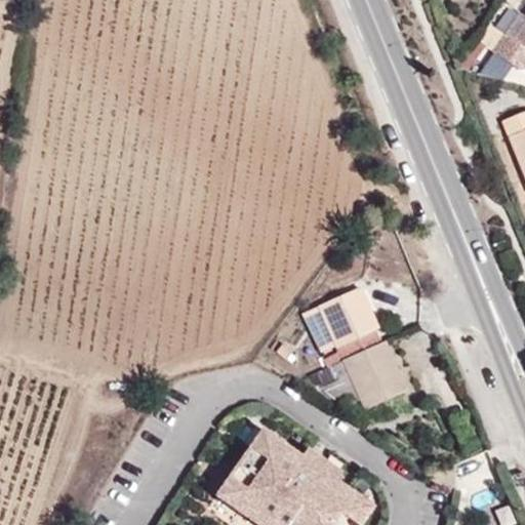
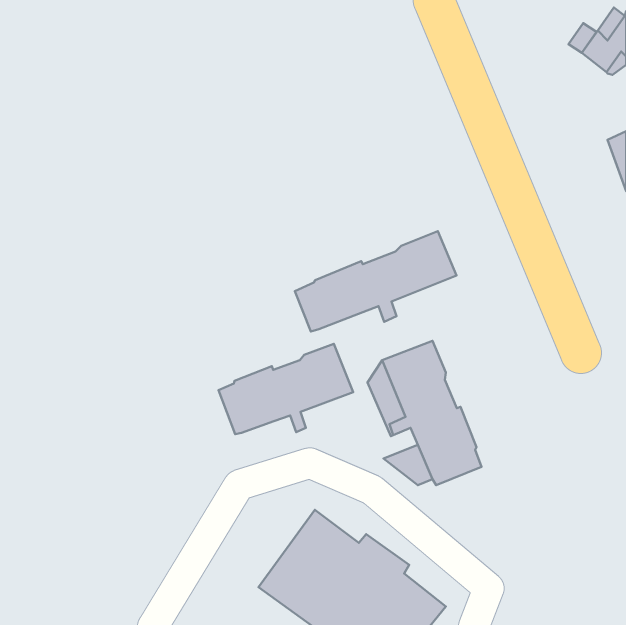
building: none -> [295,231,456,331]
building: none -> [218,344,353,434]

